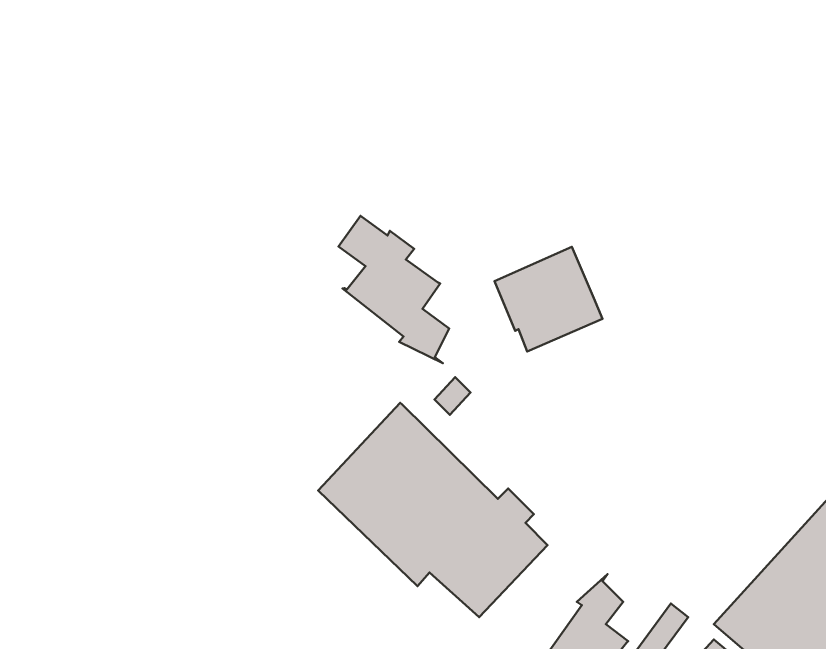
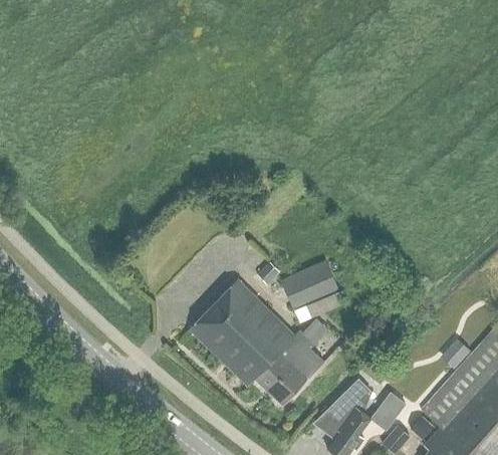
building: [338,216,449,363] -> none
building: [495,247,603,351] -> [281,261,344,322]

